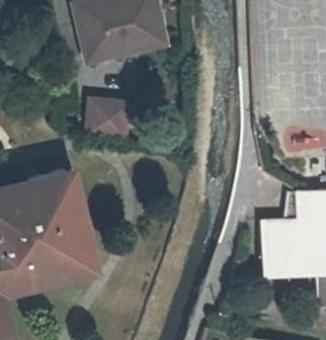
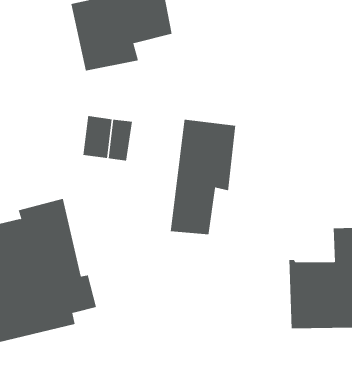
building: none -> [170,119,236,235]

